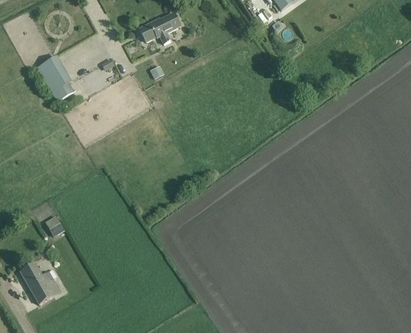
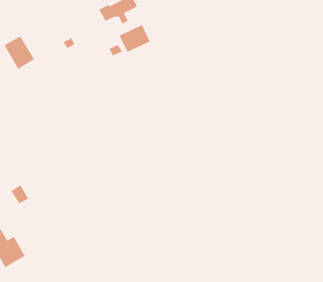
building: none -> [119,24,150,53]

